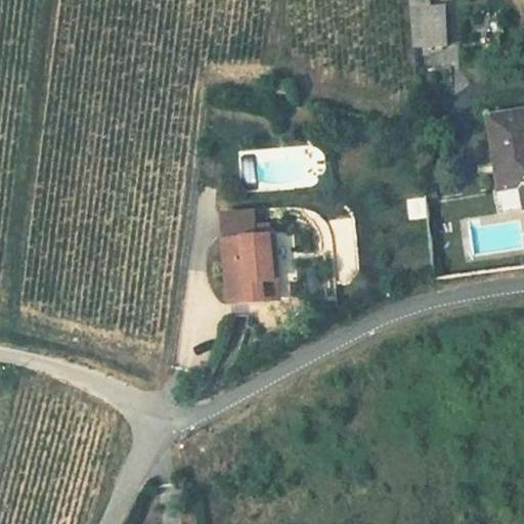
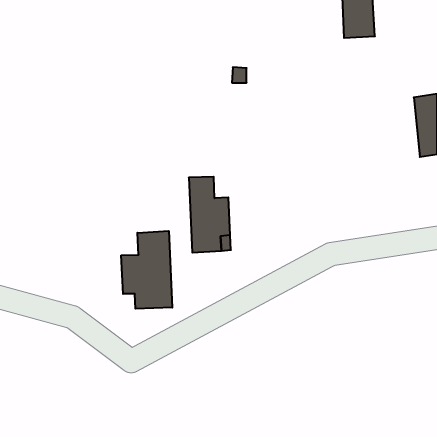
building: none -> [121,231,172,309]

